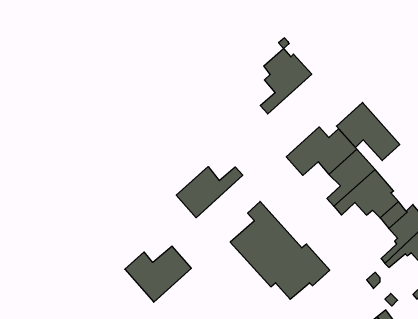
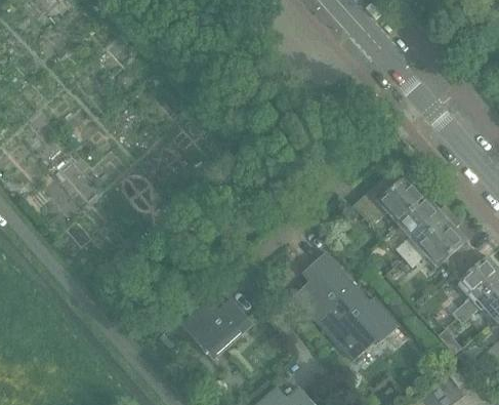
building: [260,48,312,114] -> none
building: [336,102,400,161] -> none
building: [176,167,243,218] -> none

